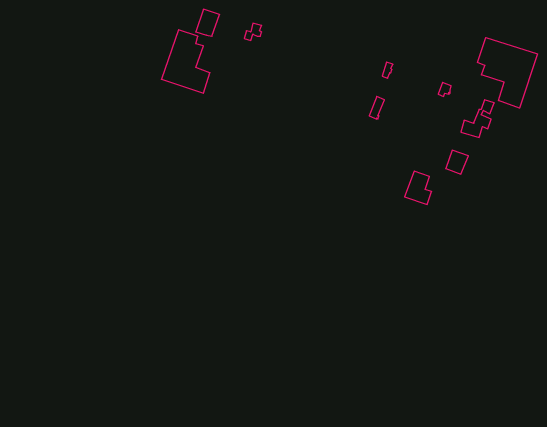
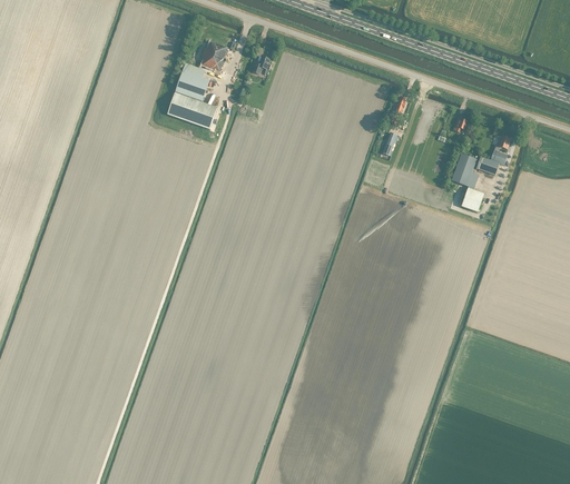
building: [477,38,538,108] -> none
building: [405,171,432,204] -> [451,152,479,187]

